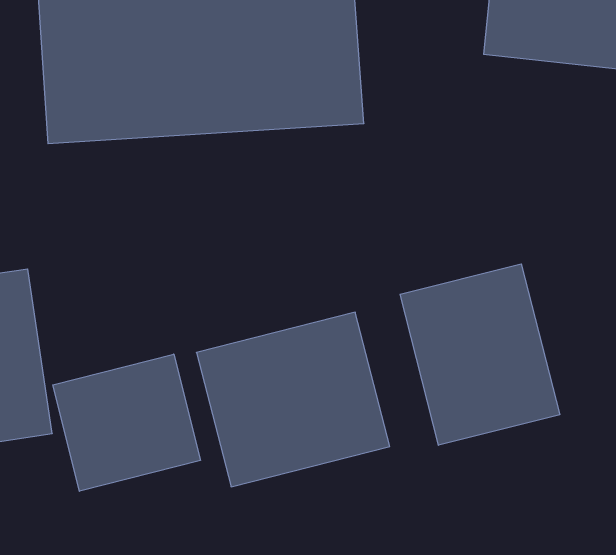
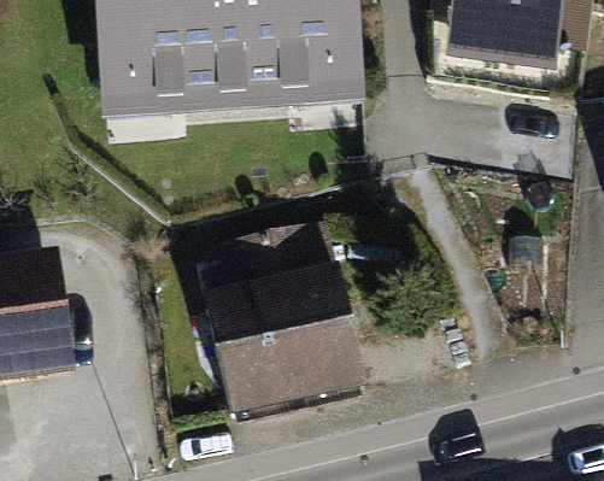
building: [400,264,560,445] -> none
building: [53,354,200,491] -> none

